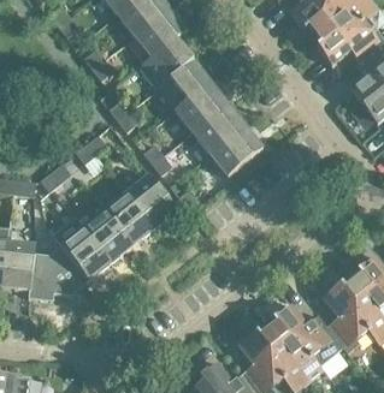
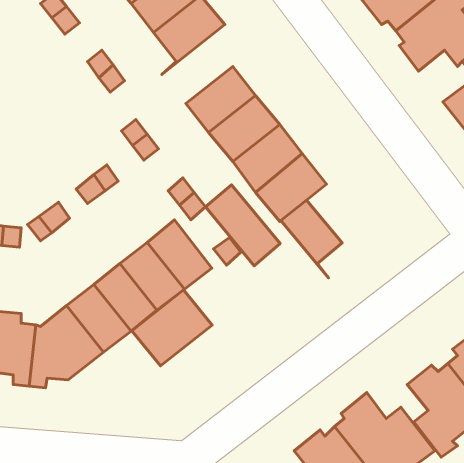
building: [140,29,193,88] -> none
building: none -> [205,185,280,266]
building: none -> [281,200,342,278]
building: none -> [132,290,212,366]

